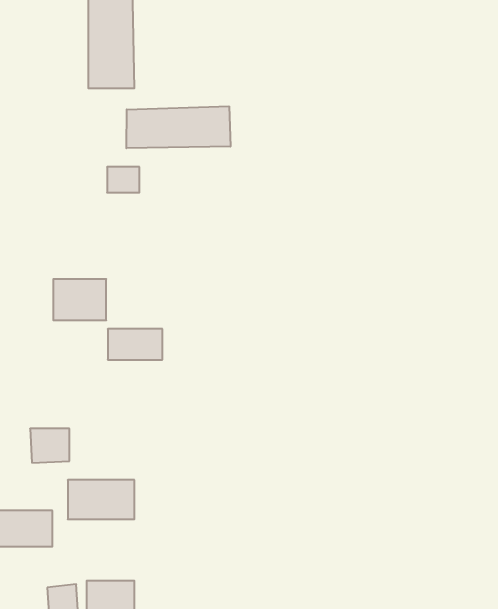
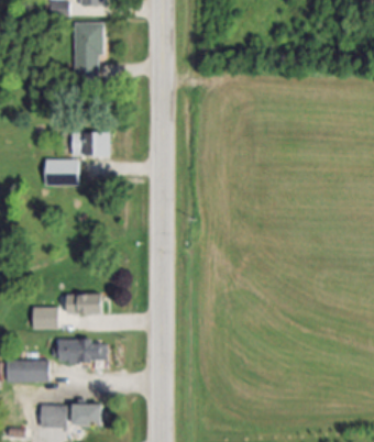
building: [126,106,230,148] -> none
building: [53,279,106,320] -> [44,158,78,185]
building: [108,329,162,360] -> [67,294,102,313]

